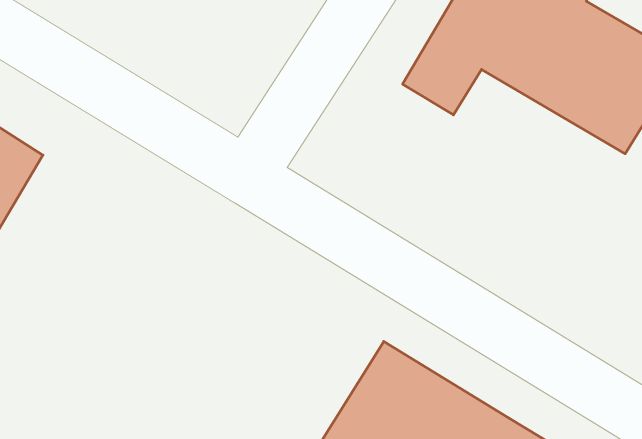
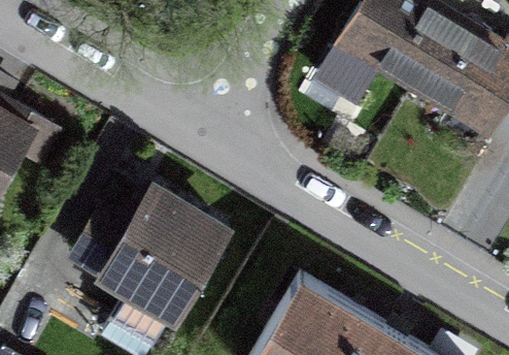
building: none -> [72,190,218,341]

